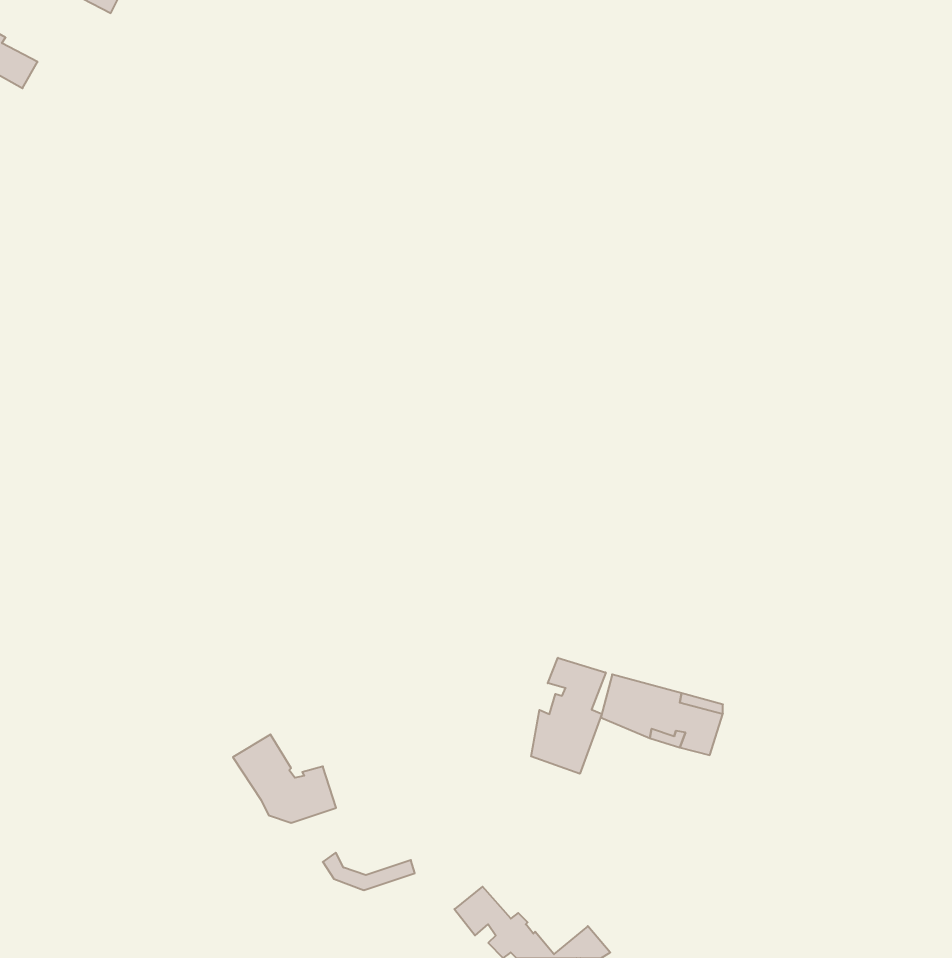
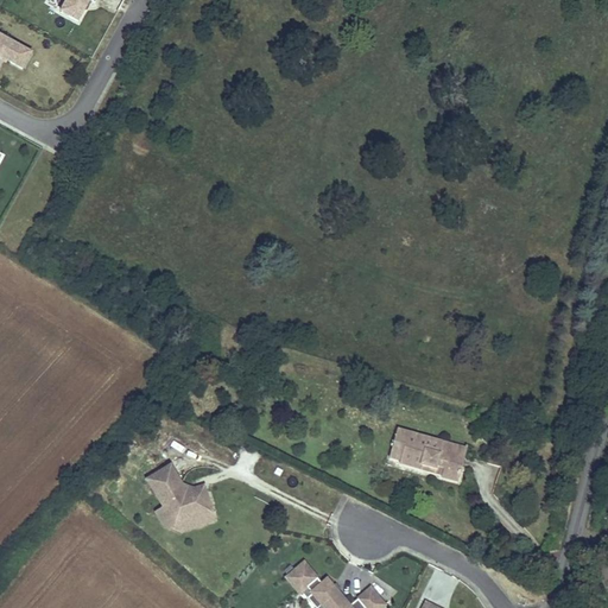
building: [531,658,606,774] -> none
building: [323,853,415,890] -> [157,506,215,530]

